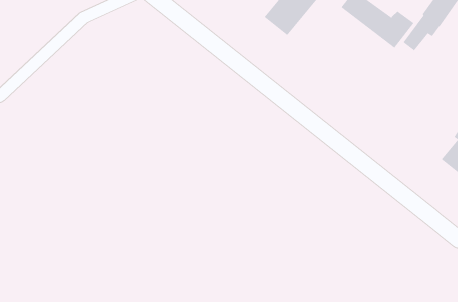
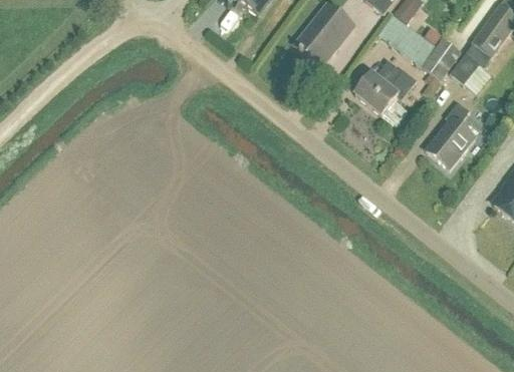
building: none -> [356,58,413,123]
building: none -> [427,101,476,166]

